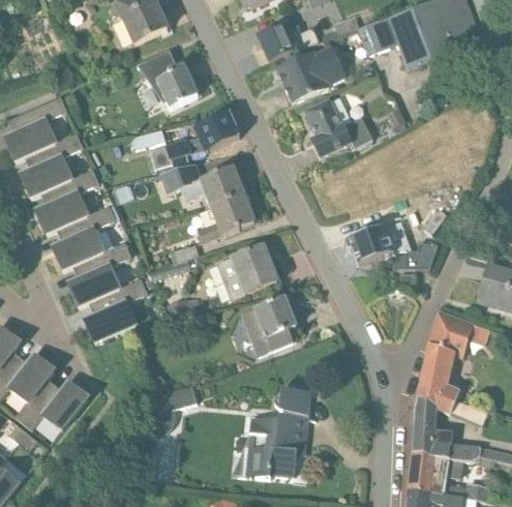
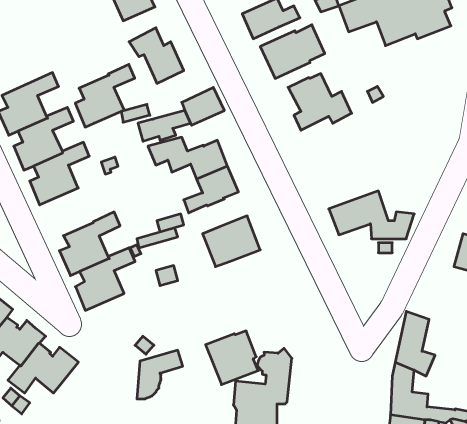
building: [53,205,115,270] -> [75,64,135,127]
building: [242,298,297,354] -> [206,331,258,385]
building: [429,311,474,356] -> none

